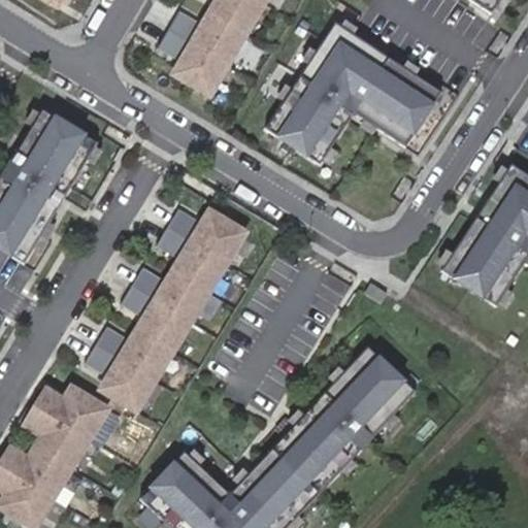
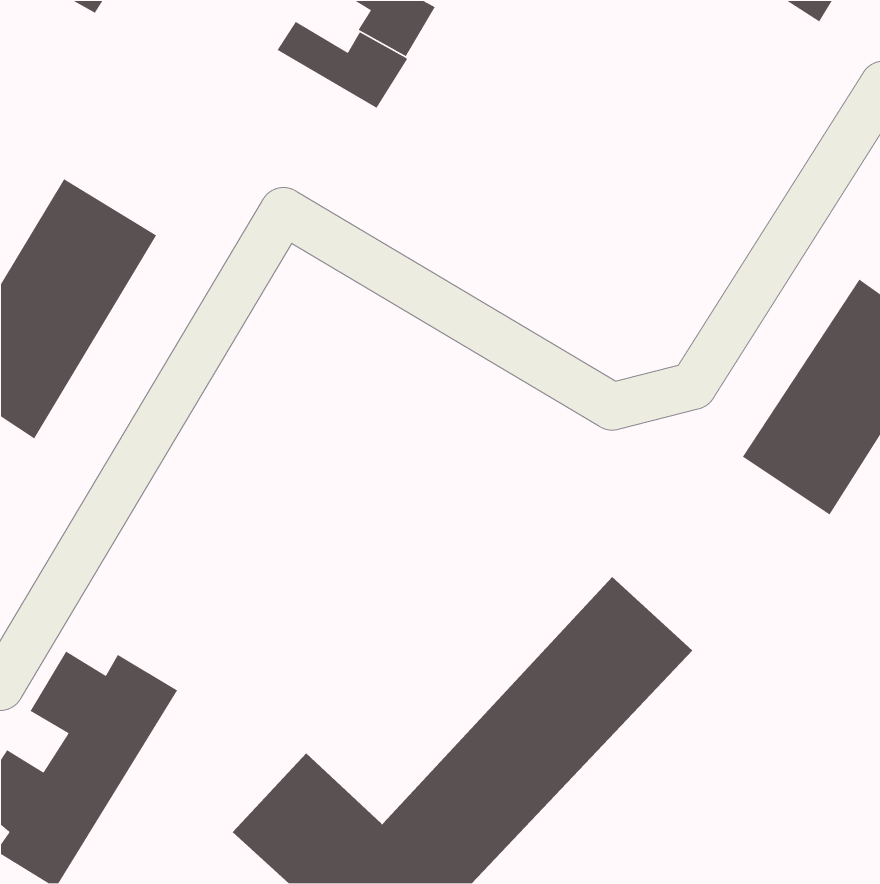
building: [267,24,441,164] -> none
building: [157,30,227,96] -> none
building: [88,207,244,409] -> none

